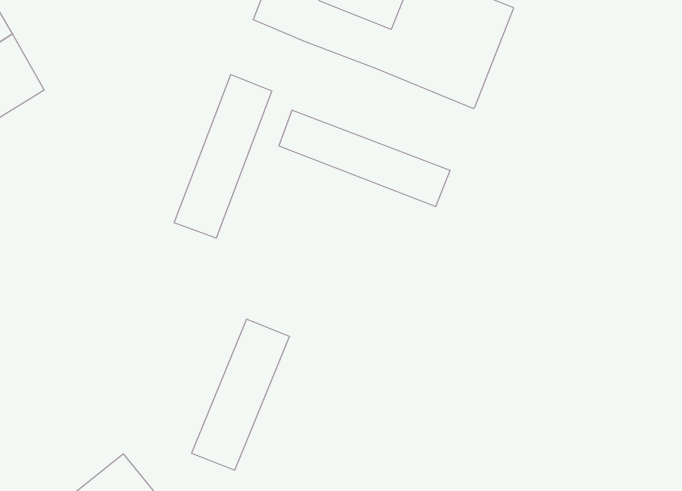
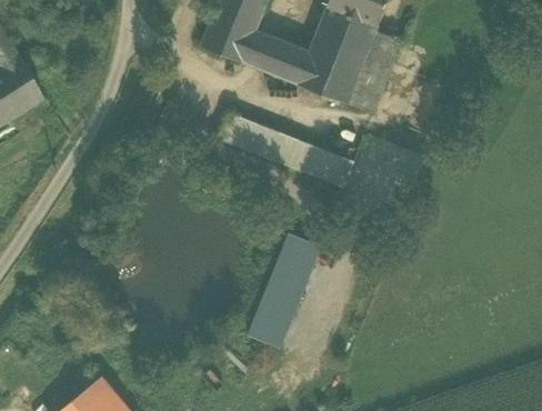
building: [174,75,272,238] -> none
building: [192,319,290,470] -> [245,232,321,349]

